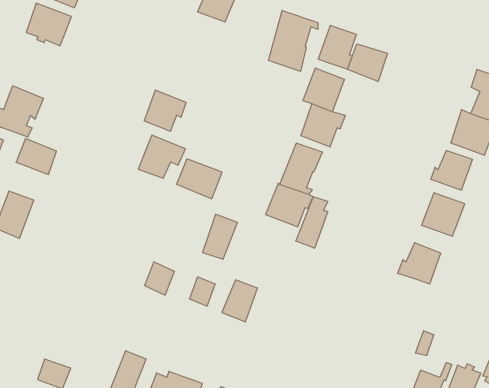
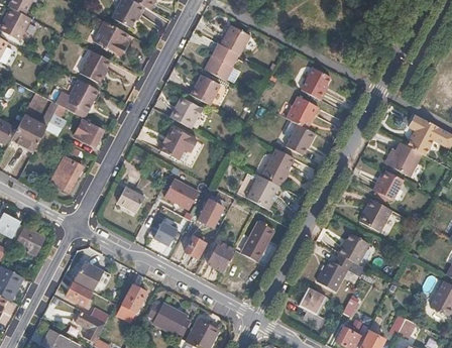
building: [269,10,318,71] -> none
building: none -> [206,43,238,81]
building: none -> [79,49,110,84]
building: [348,44,388,81] -> none
building: none -> [190,76,220,105]
building: [176,159,222,199] -> [164,179,199,210]
building: [296,197,328,248] -> [243,224,270,261]
building: none -> [115,187,142,212]
building: none -> [318,257,367,292]
building: none -> [299,288,326,326]
building: none -> [74,260,102,289]

